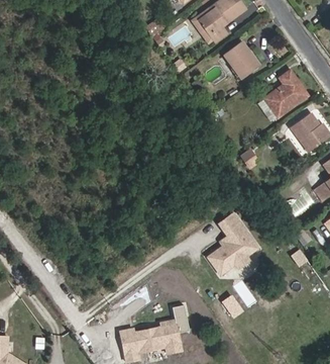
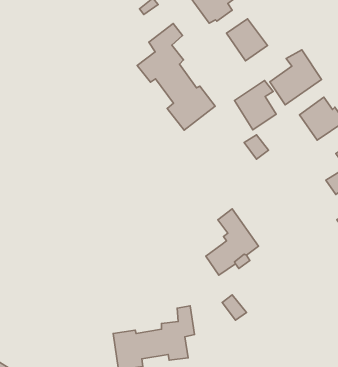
building: none -> [137,23,215,130]
building: none -> [235,81,276,130]

